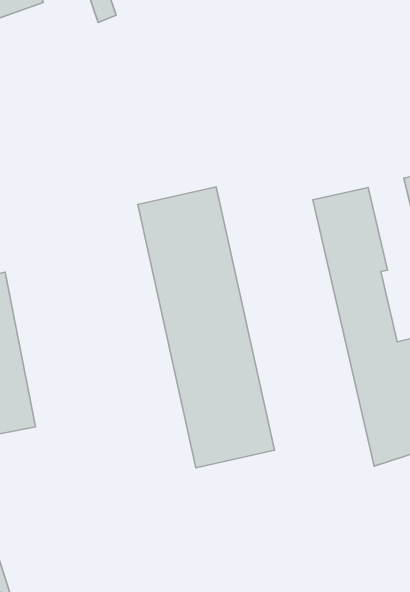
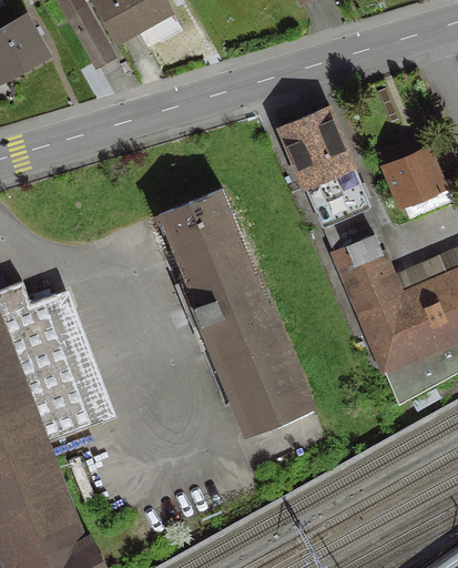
building: none -> [279,106,350,185]

